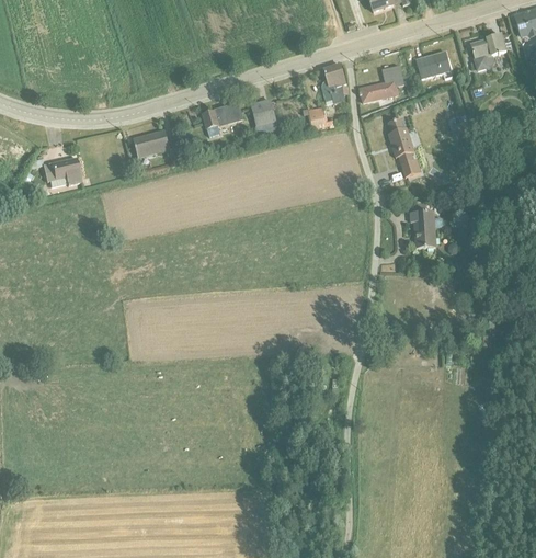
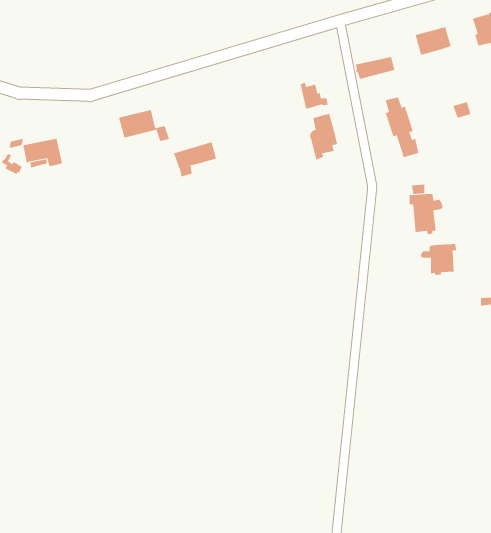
building: [320,62,347,107] -> [309,113,338,160]
building: [250,98,277,133] -> none
building: [201,102,242,136] -> [173,142,217,177]
building: none -> [420,243,457,275]

